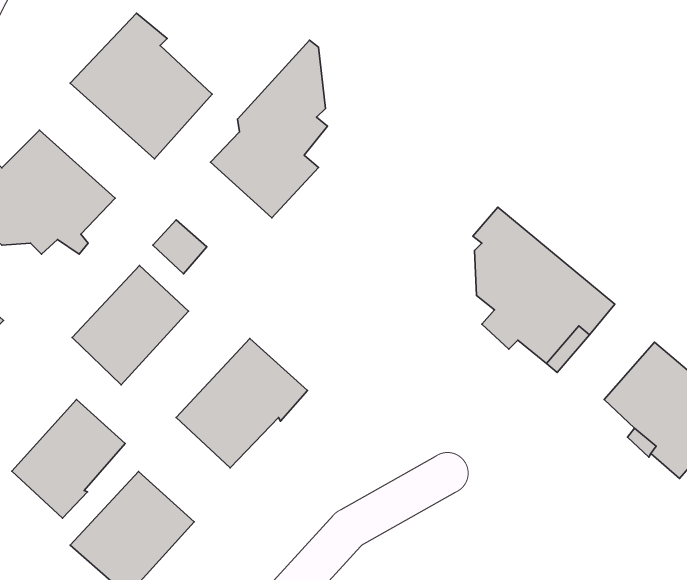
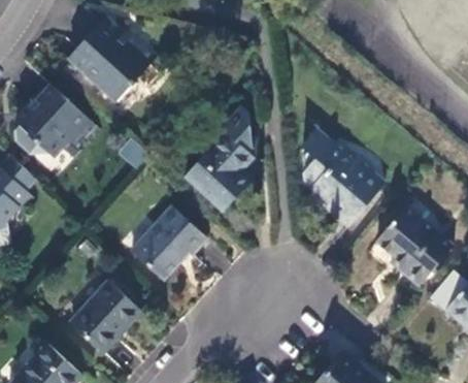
building: [211,40,327,218] -> [186,107,253,210]
building: [72,265,189,385] -> none
building: [12,400,125,518] -> none

